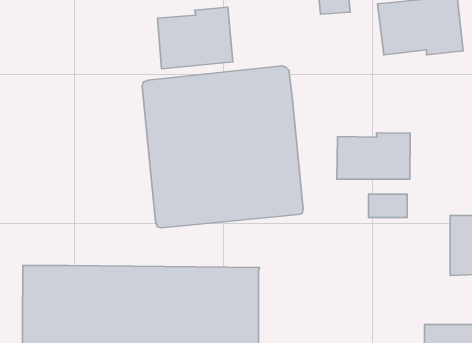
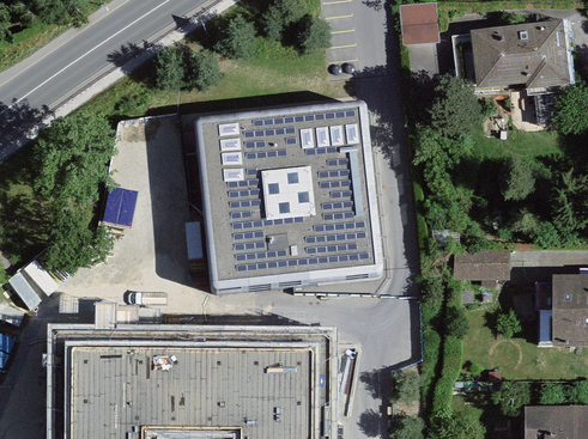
building: [157,7,233,69] -> none
building: [337,133,410,179] -> none

